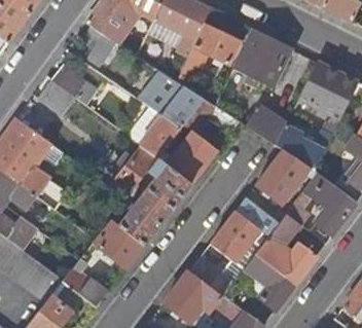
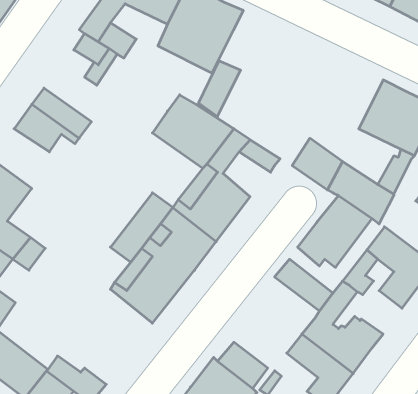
building: [192,23,239,63] -> none
building: [236,30,292,85] -> none
building: [140,115,180,157] -> none
building: [210,210,268,262] -> none
building: [94,219,142,267] -> none

